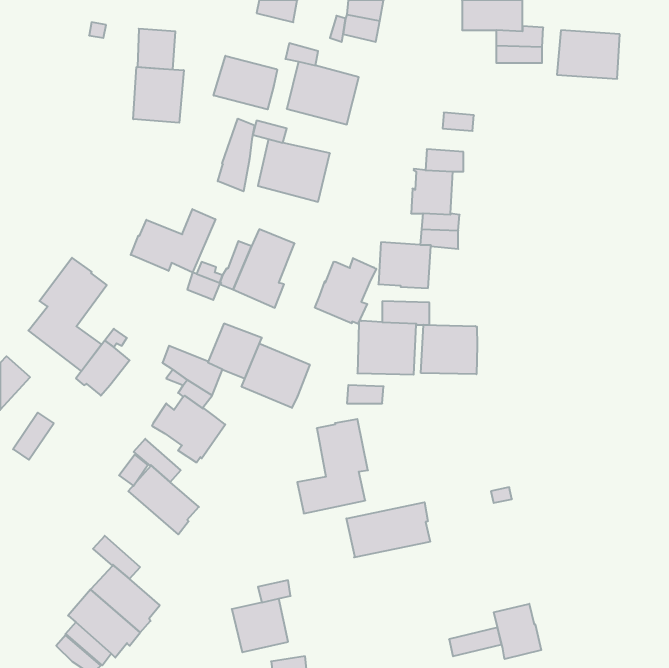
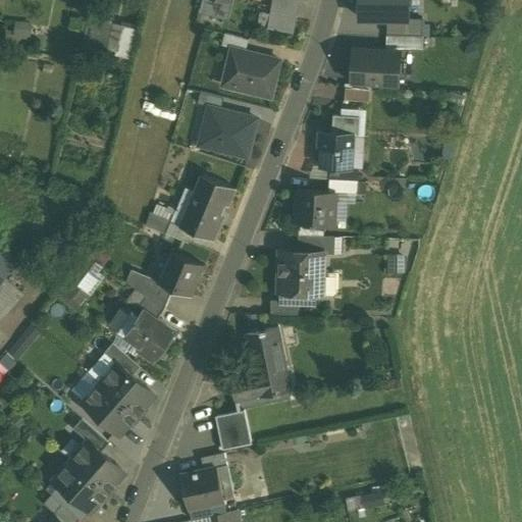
building: [557,30,620,79] -> [351,50,400,88]
building: [214,56,277,109] -> none
building: [133,67,184,123] -> none
building: [218,119,254,191] -> none
building: [131,209,215,272] -> none
building: [28,258,107,371] -> none
building: [315,258,376,324] -> none
building: [421,325,477,374] -> none
building: [242,343,310,408] -> none
building: none -> [83,383,139,435]
building: [346,502,430,557] -> none
building: none -> [216,412,251,449]
building: [494,604,541,659] -> none

